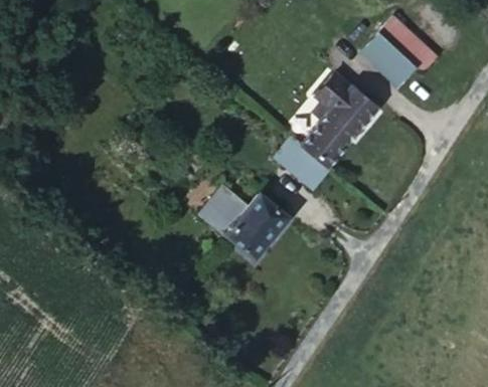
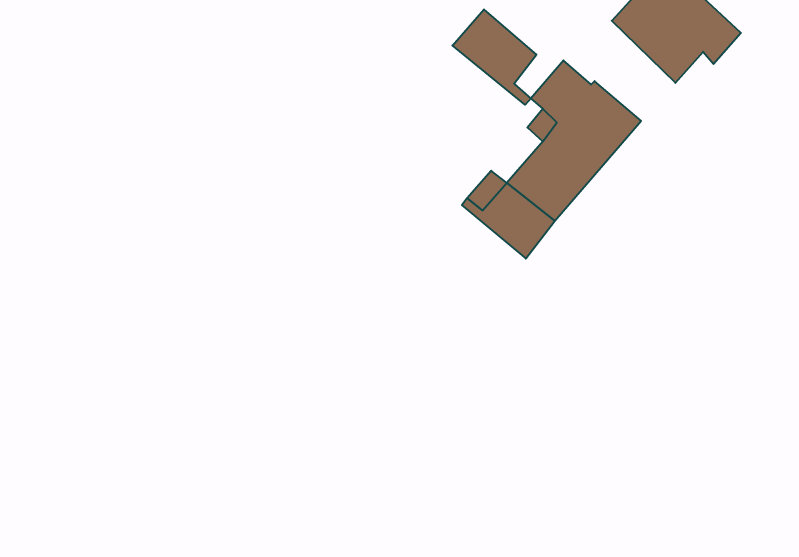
building: none -> [452,9,536,105]
building: [199,190,287,257] -> none

